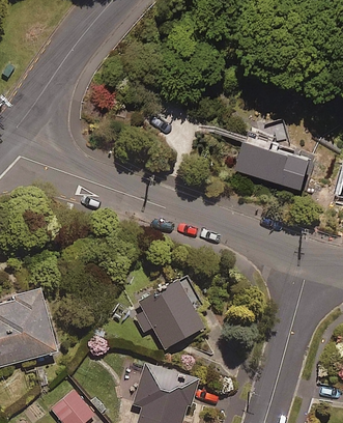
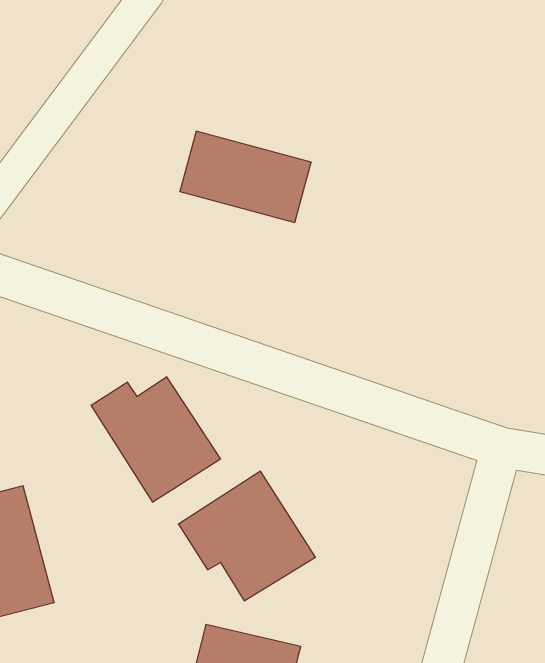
building: [237,134,312,186] -> [180,131,311,222]
building: none -> [91,377,220,502]

